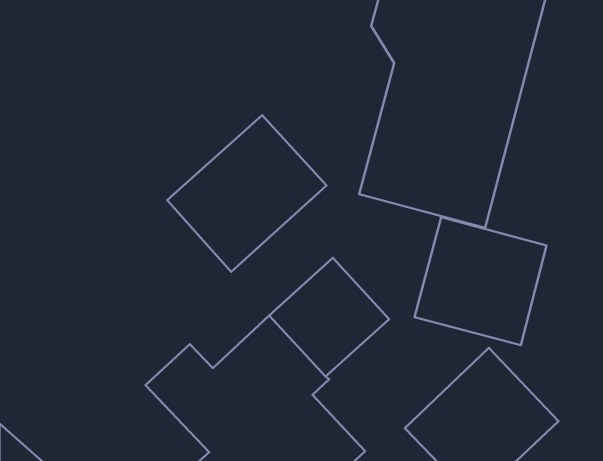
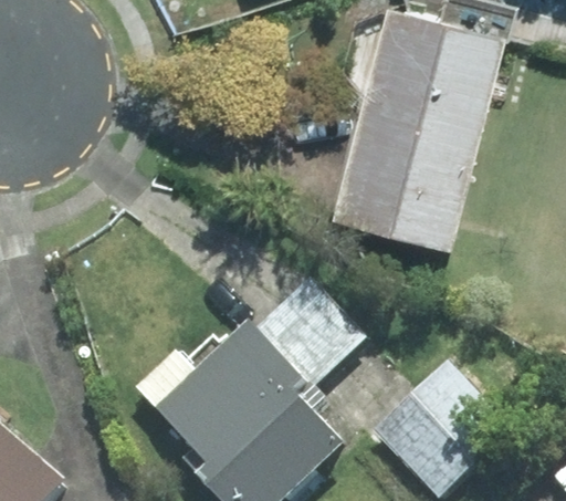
building: [167,115,327,272] -> none
building: [415,217,547,345] -> none

